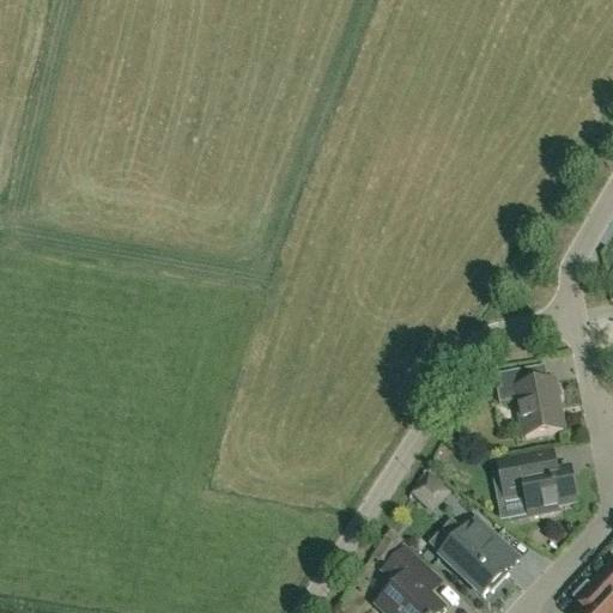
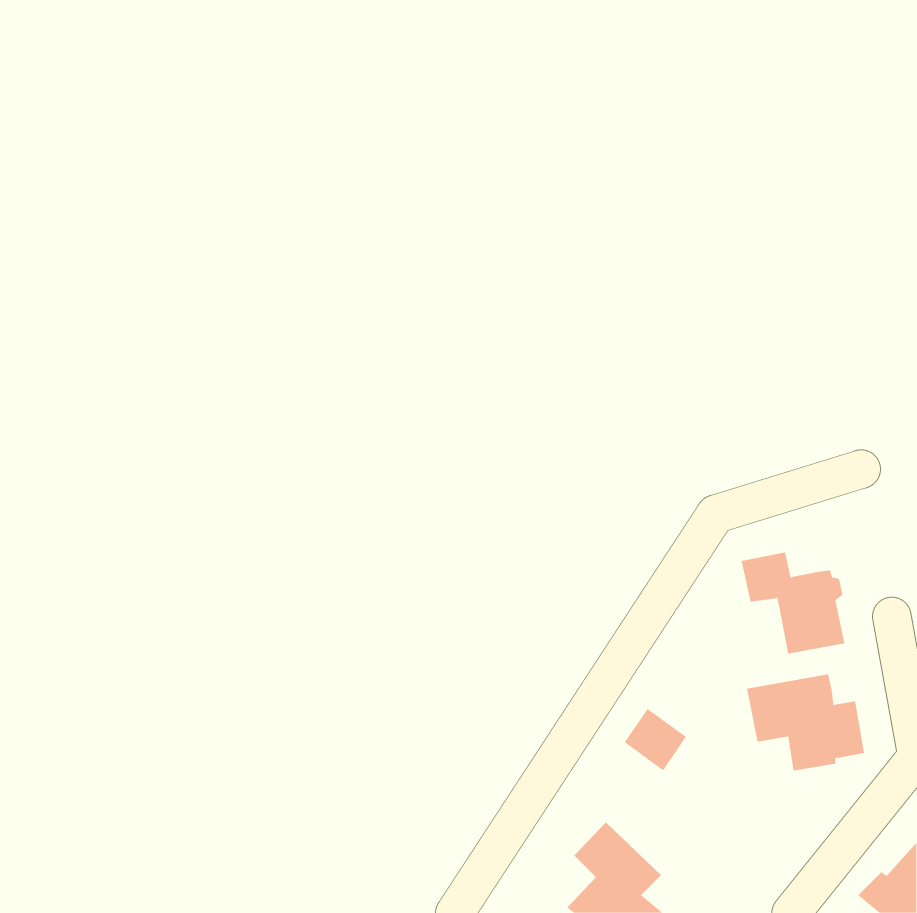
building: [441,518,508,596] -> none

